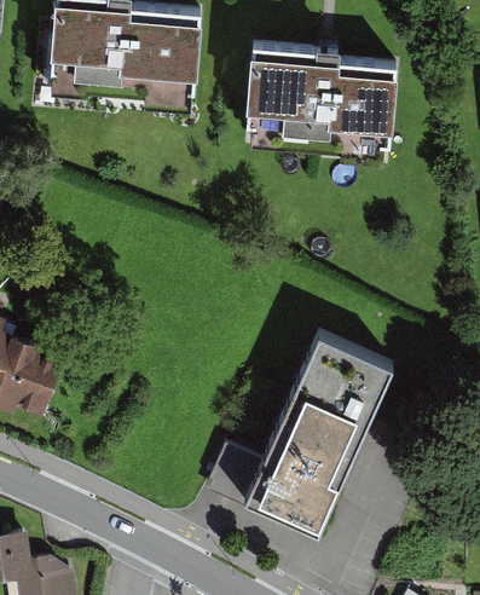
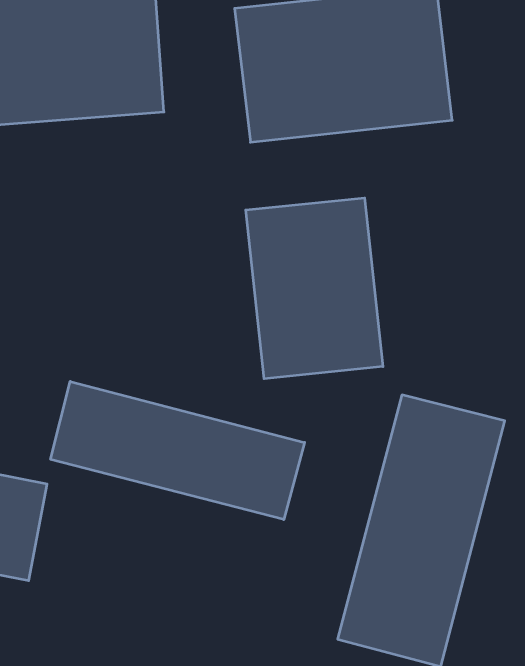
building: none -> [246,198,383,379]
building: none -> [51,381,305,520]

